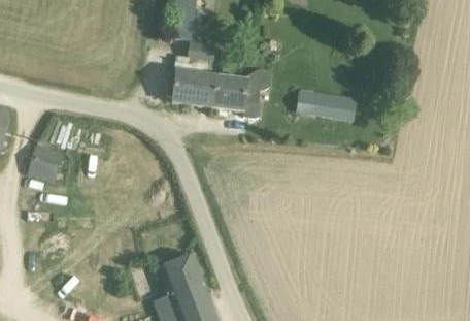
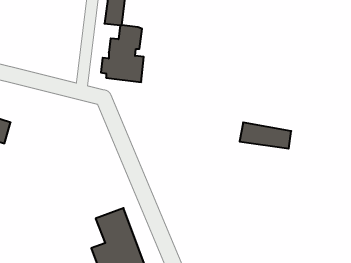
building: [213,70,270,118] -> none
building: [295,89,356,120] -> [240,122,291,149]

